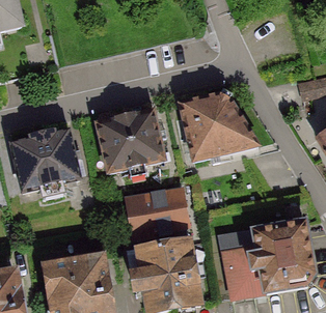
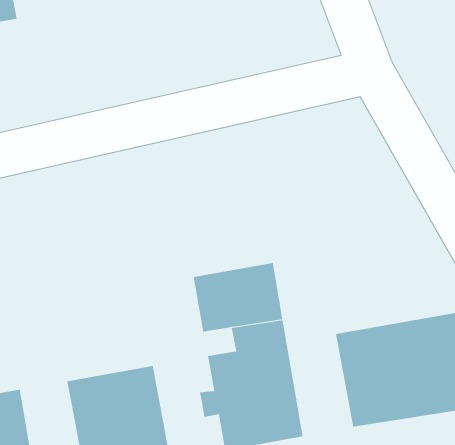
building: [180,92,257,158] -> none
building: [97,108,164,170] -> none
building: [10,126,79,190] -> none

